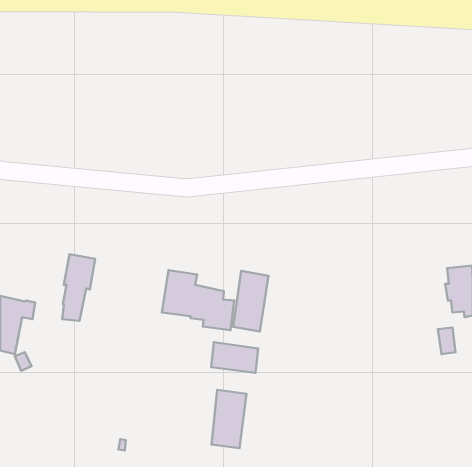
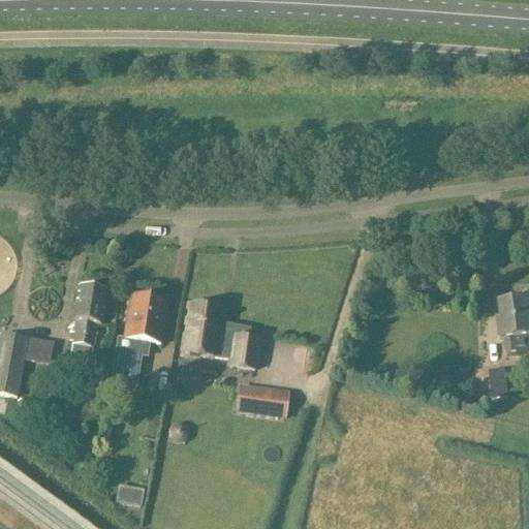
building: none -> [112,292,167,380]
building: [233,271,269,331] -> none
building: [211,390,246,448] -> none

